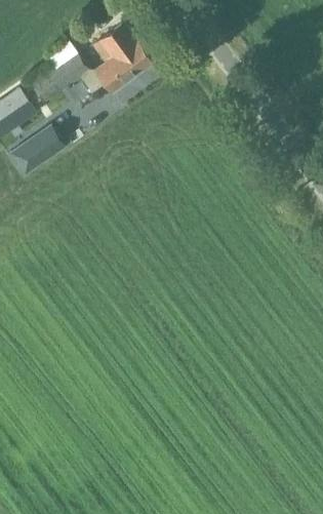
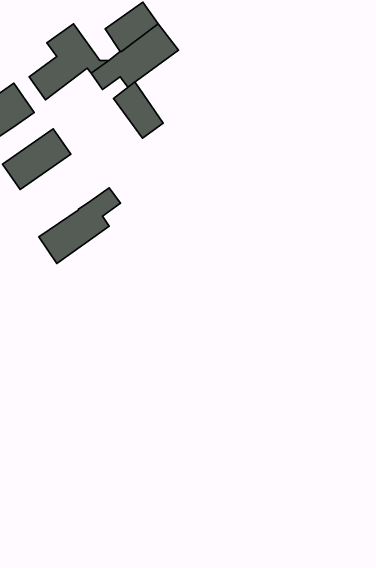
building: none -> [113,82,163,138]
building: none -> [39,188,120,263]

